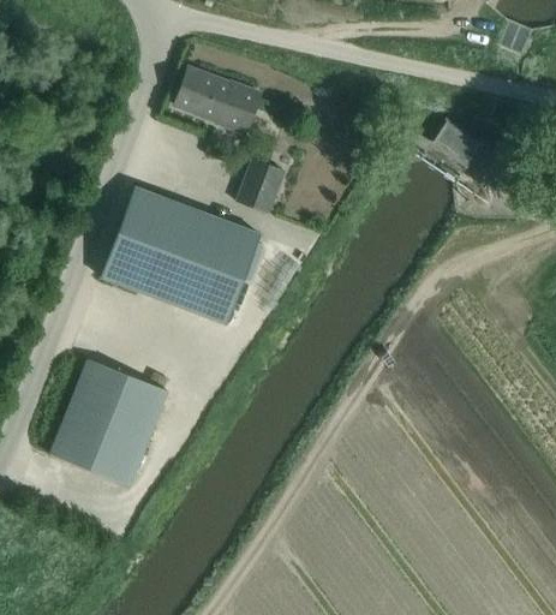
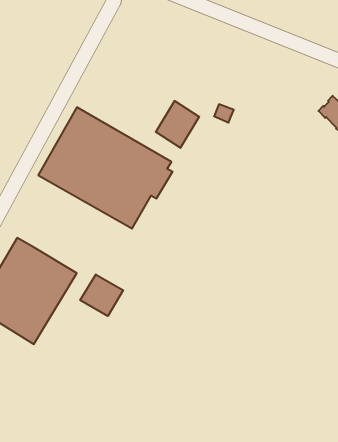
building: [174,67,259,133] -> none
building: none -> [80,274,123,316]

